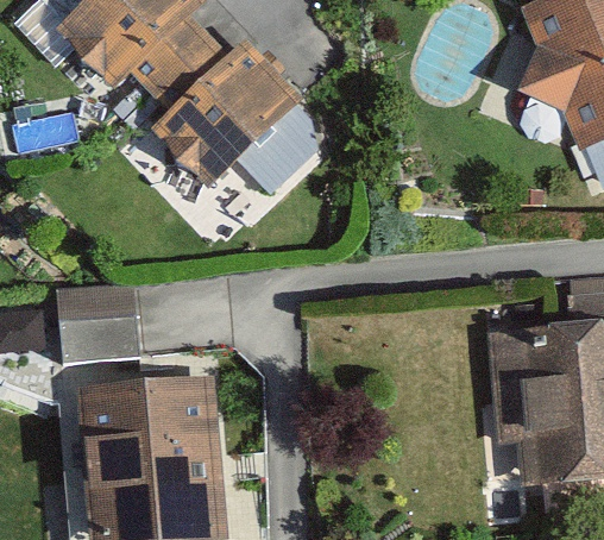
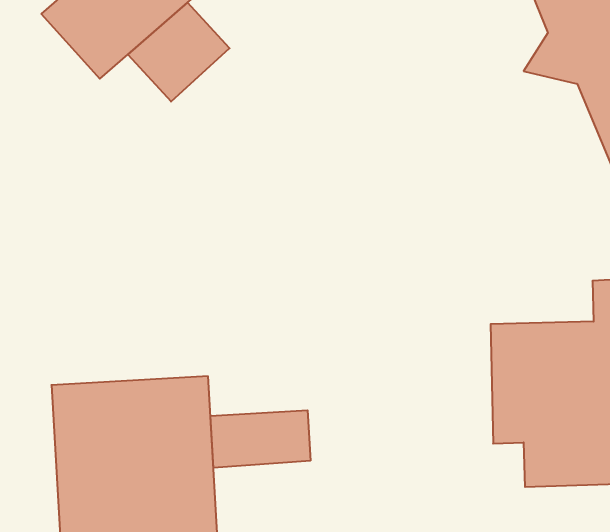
building: [164,48,315,195] -> none
building: [55,278,145,351] -> none
building: none -> [211,410,310,468]

